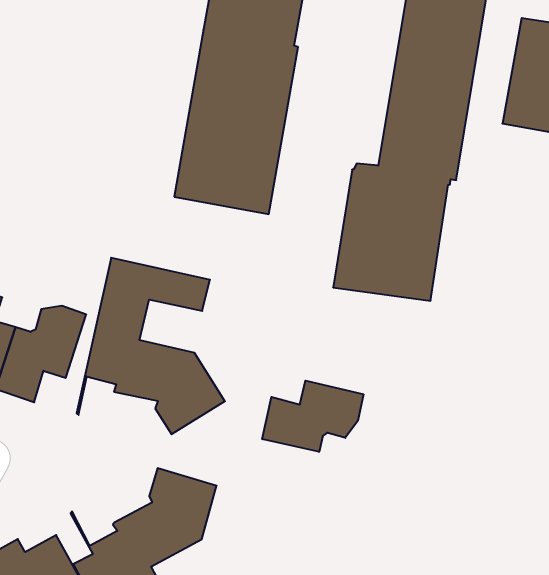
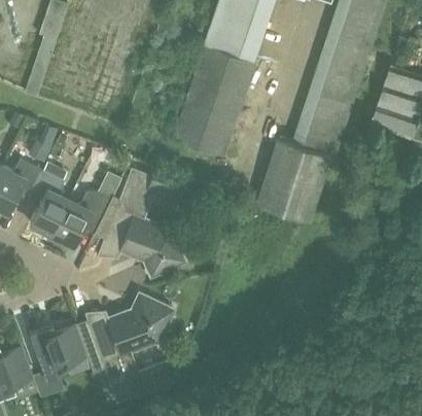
building: [262,381,363,452] -> none

